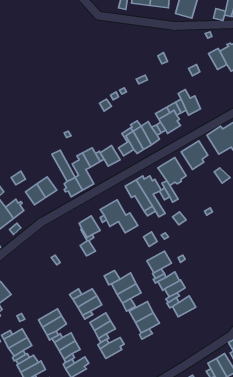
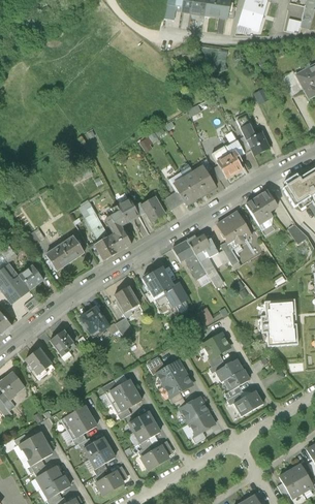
building: none -> [260,297,297,345]
building: none -> [77,305,111,335]
building: none -> [49,329,76,356]
building: none -> [24,347,52,380]

